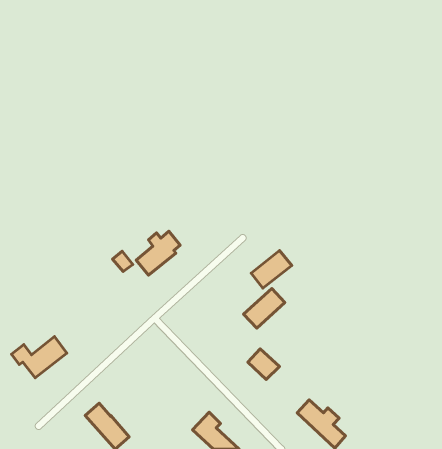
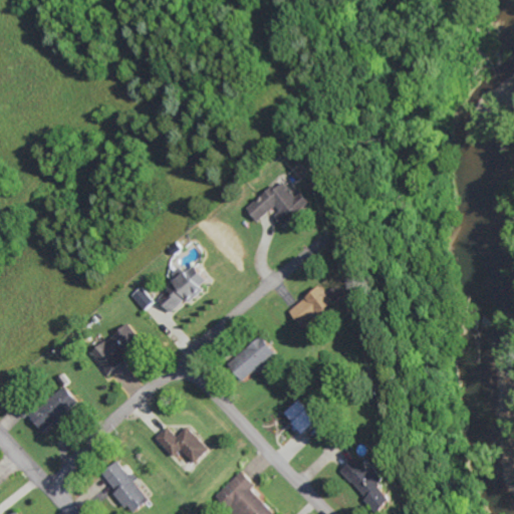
building: none -> [242,183,309,225]
building: none -> [88,325,141,372]
building: [244,289,285,328] -> [229,334,276,379]
building: none -> [155,426,209,464]

